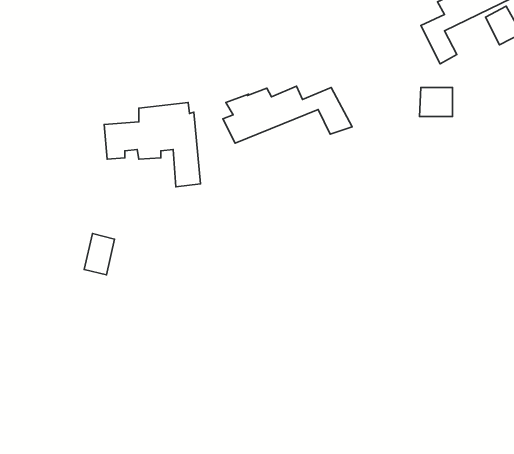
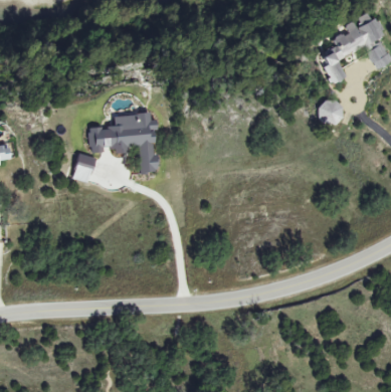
building: [223,86,352,143] -> none
building: [84,234,115,275] -> [72,153,94,183]

